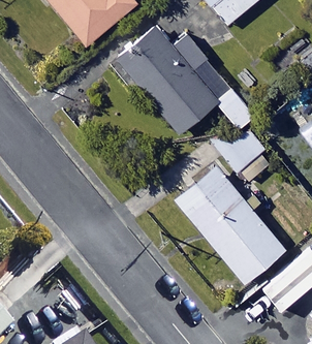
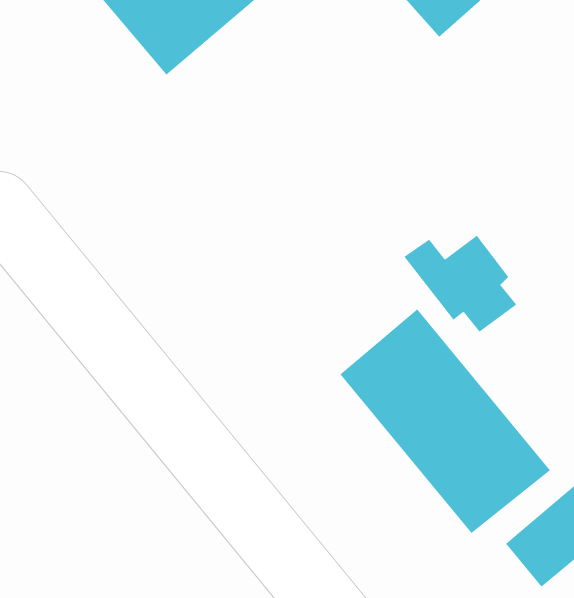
building: [119,29,254,134] -> none

